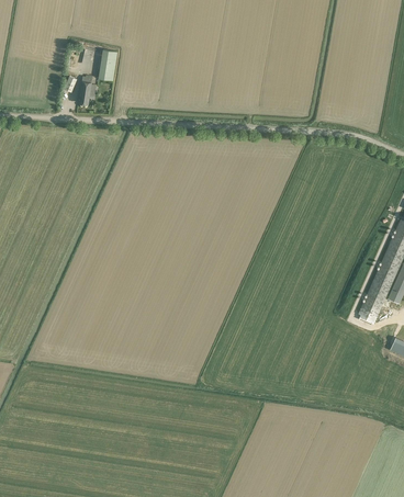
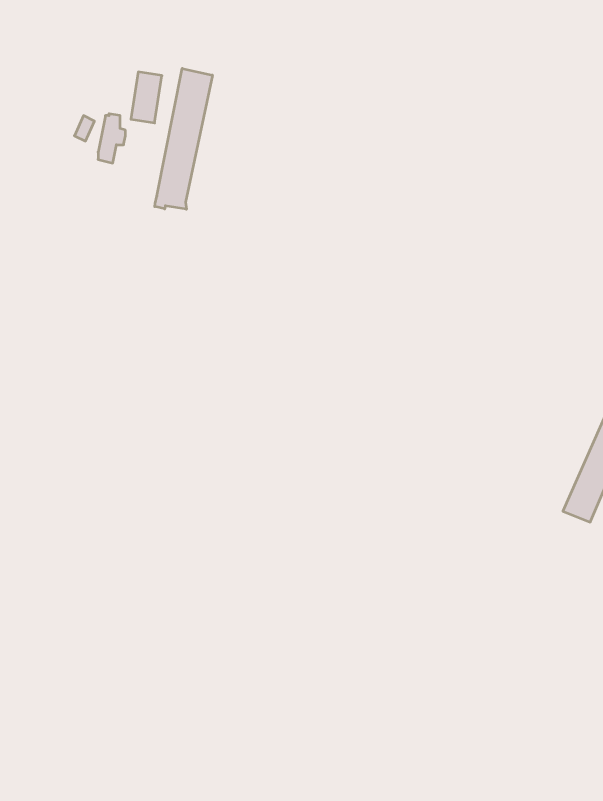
building: none -> [155,68,212,209]

